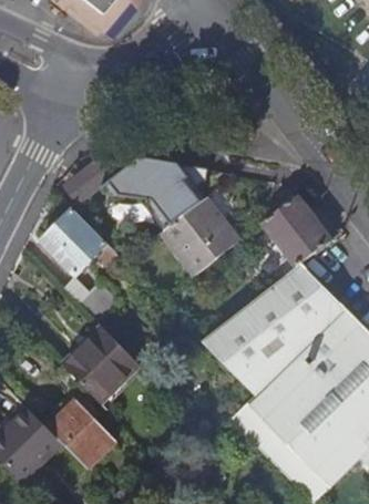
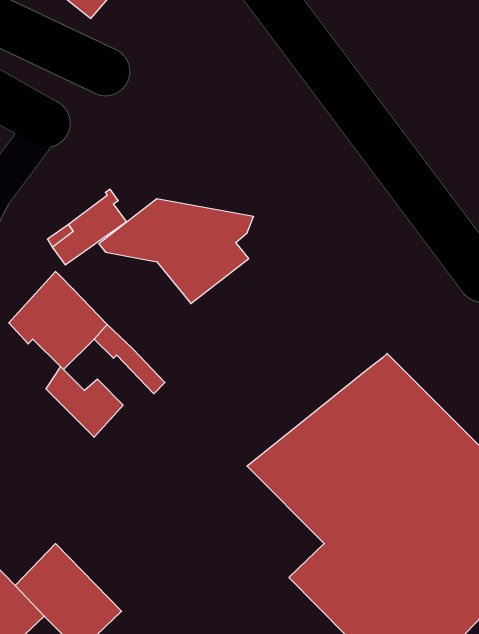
building: [262,194,331,267] -> none
building: [161,197,239,276] -> none
building: [68,327,140,403] -> none

